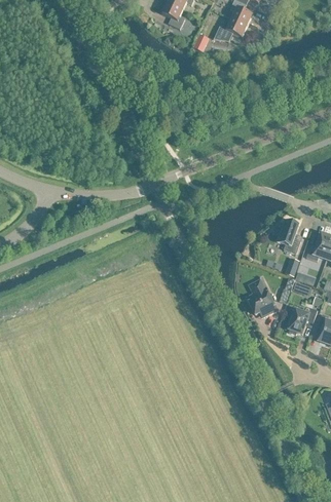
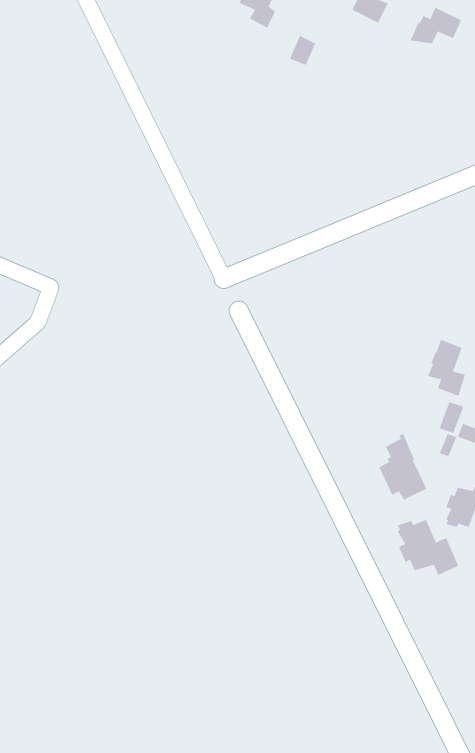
building: [216,18,248,42] -> [410,7,462,45]
building: none -> [397,519,459,576]

